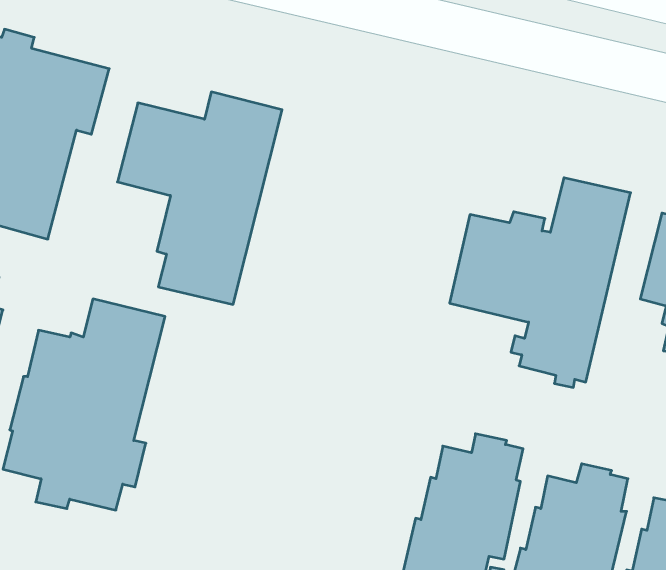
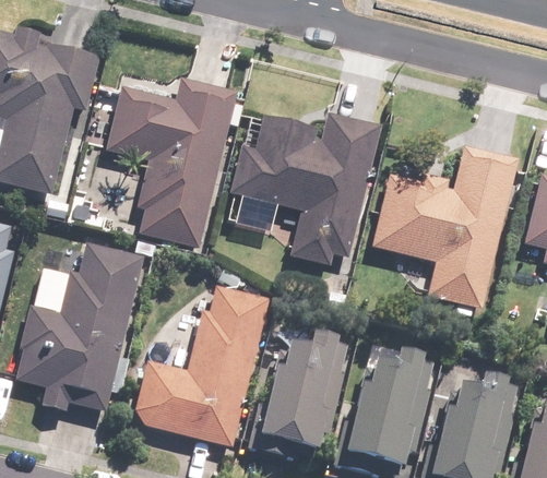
building: none -> [229,112,381,265]
building: none -> [135,285,270,446]
building: none -> [249,335,346,455]

